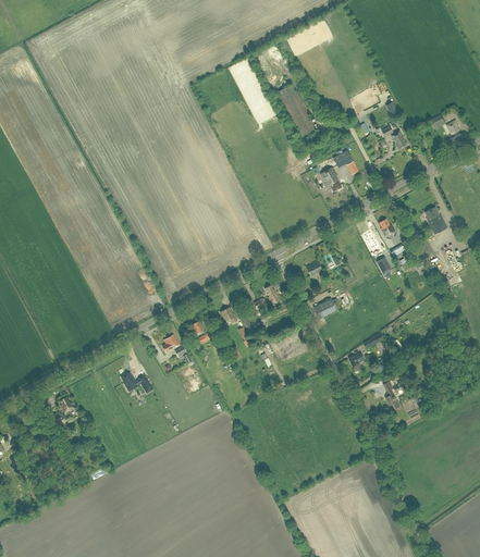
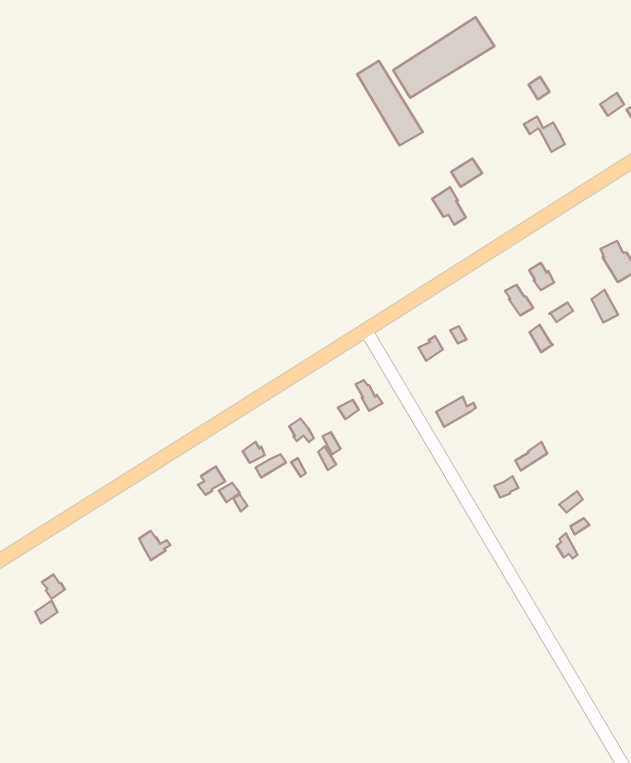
building: none -> [393,17,494,98]

